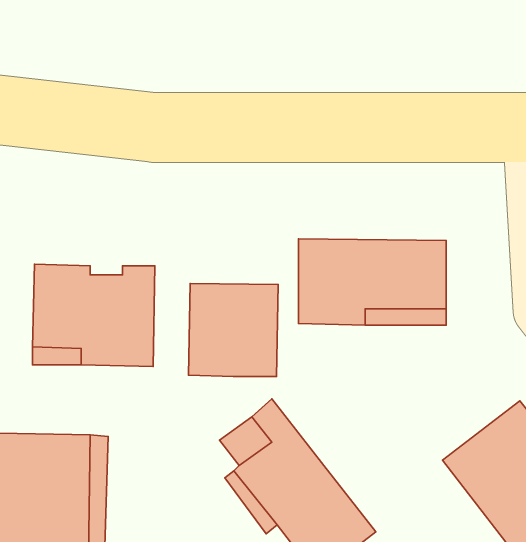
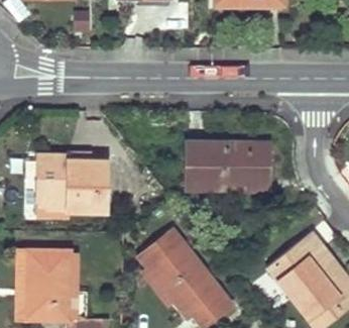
building: [189,283,278,376] -> none

